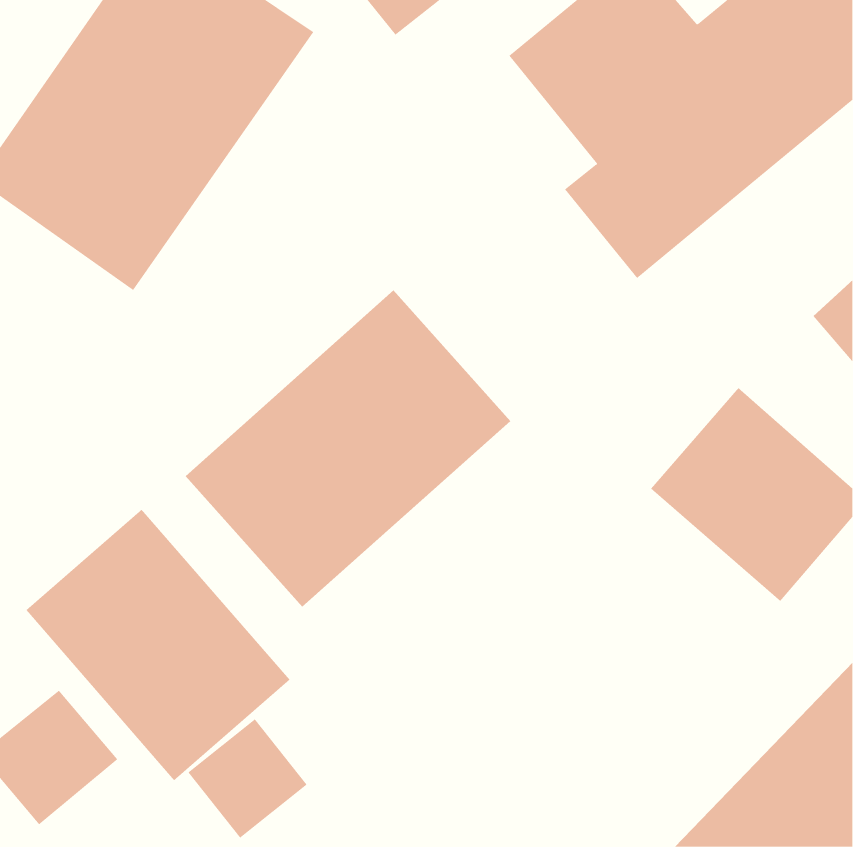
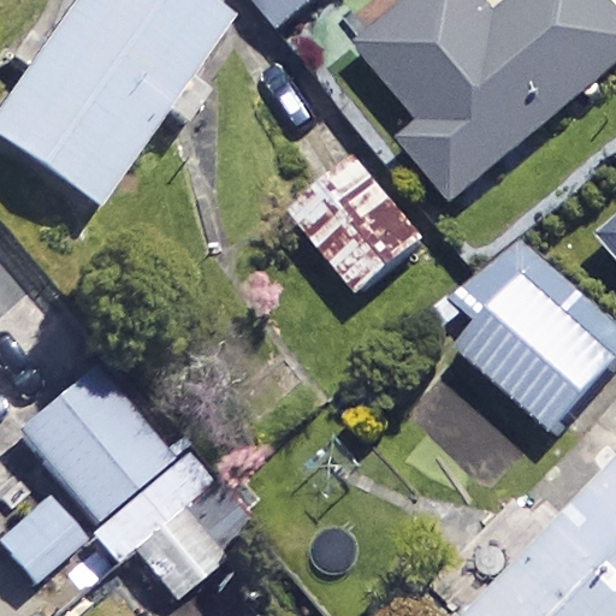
building: none -> [290,152,430,292]
building: [185,290,511,608] -> none

